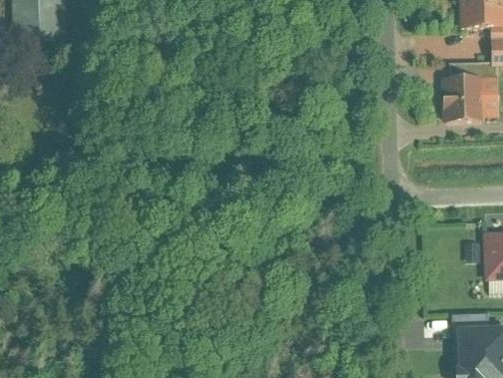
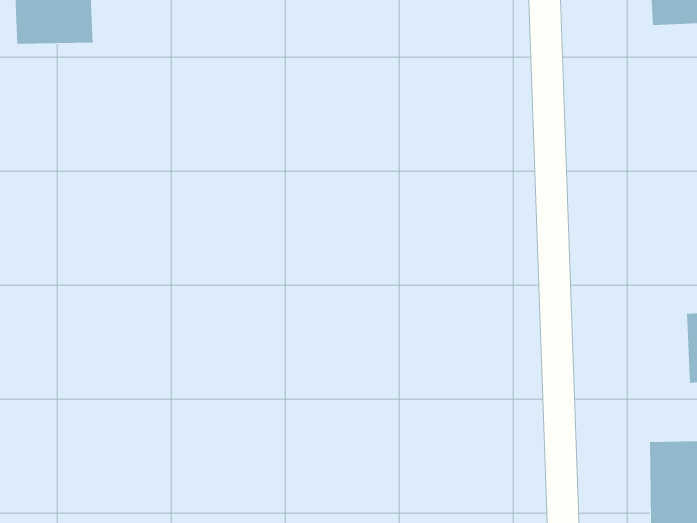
building: [443,74,487,120] -> none

